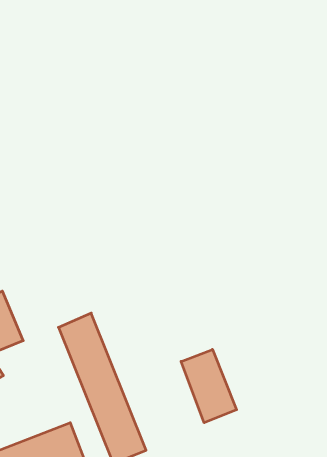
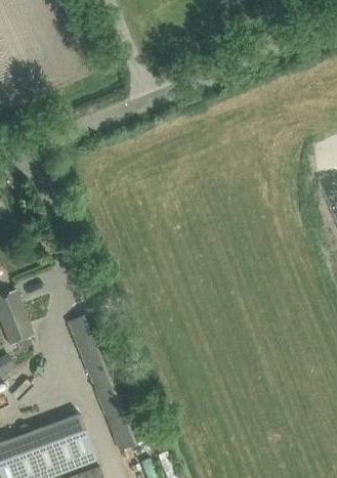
building: [181,349,237,423] -> none

